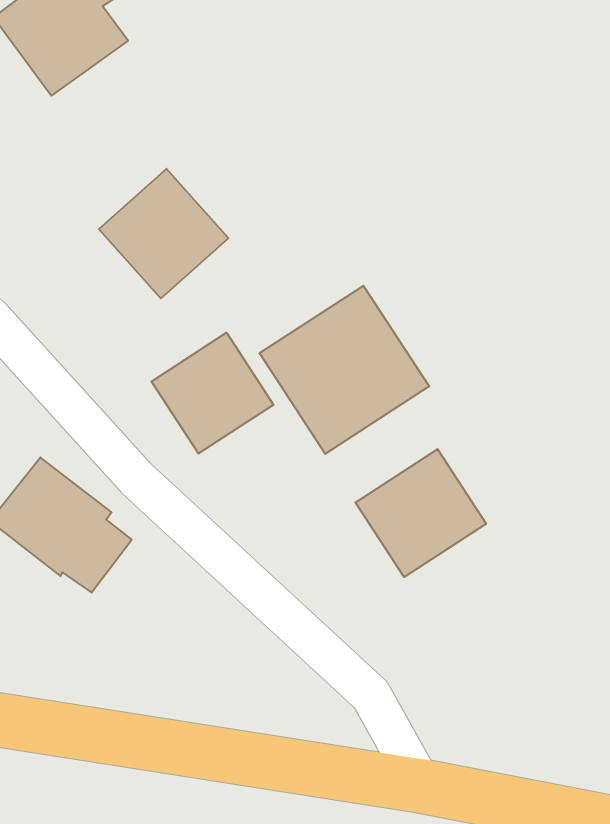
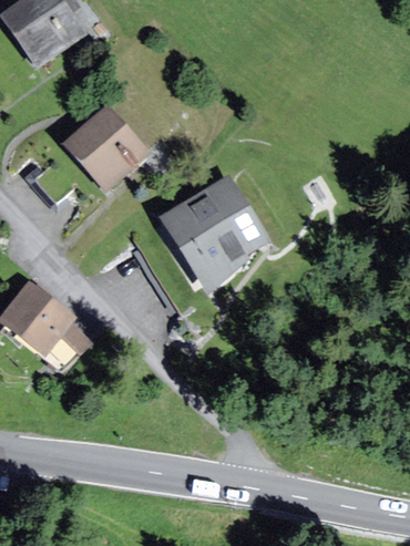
building: [151,333,273,454] -> none
building: [355,449,486,577] -> none

